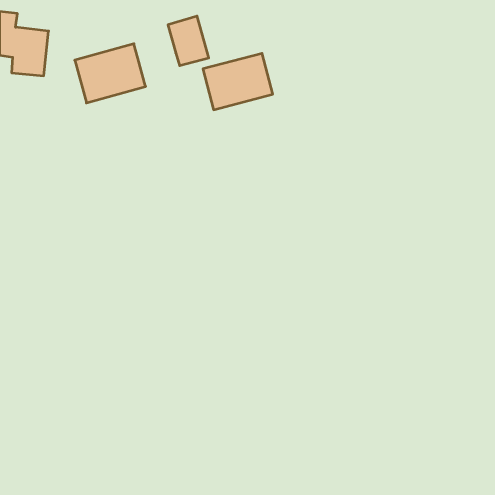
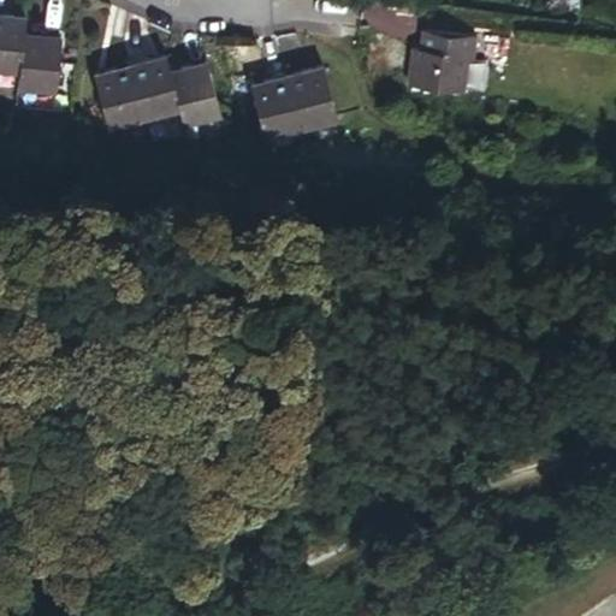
building: [168,16,209,66] -> [171,63,221,124]
building: none -> [408,29,485,94]

